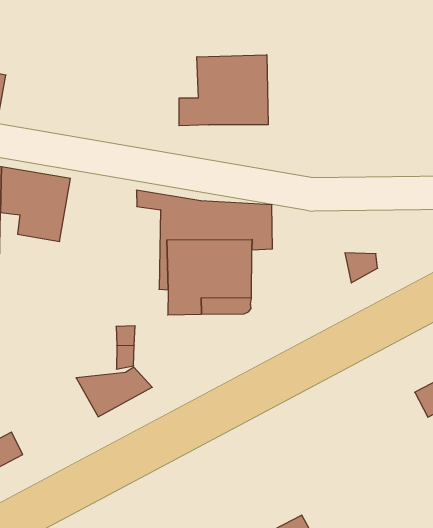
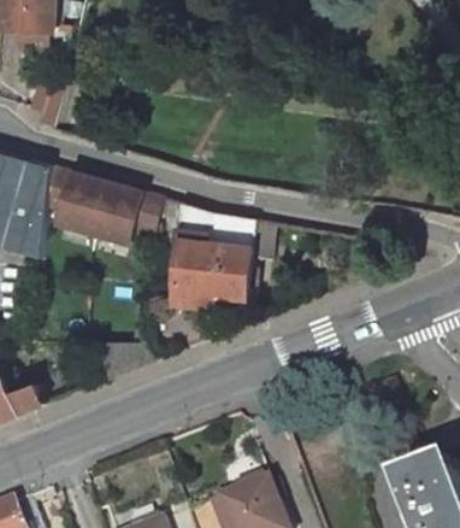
building: [179,55,268,126] -> none
building: none -> [90,181,158,241]

